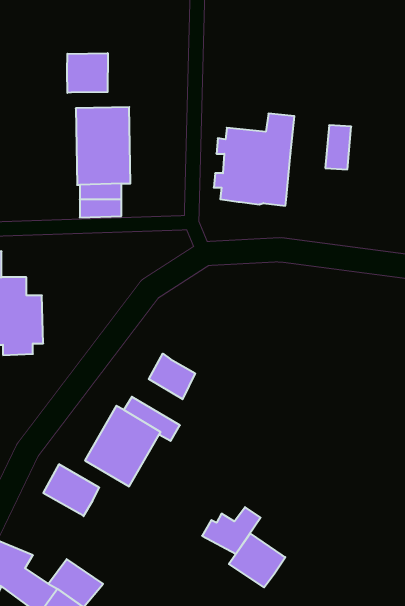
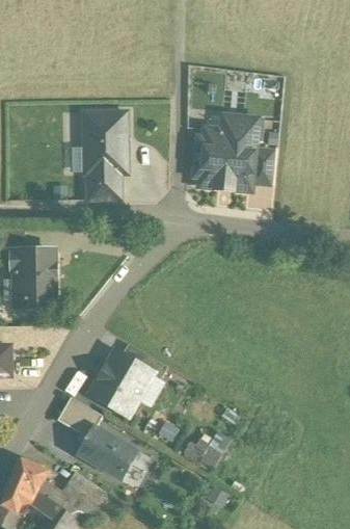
building: [67,53,108,93] -> none
building: [325,125,351,169] -> [252,149,273,184]
building: [149,354,195,399] -> none
building: none -> [77,426,139,481]
building: [229,534,285,587] -> none

